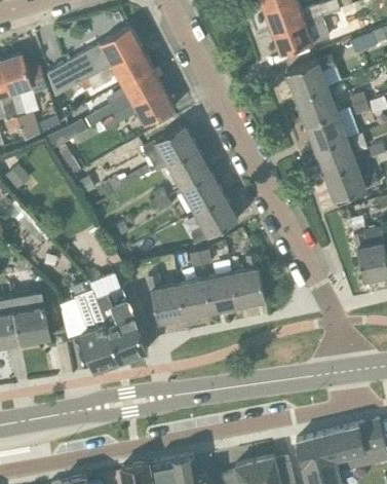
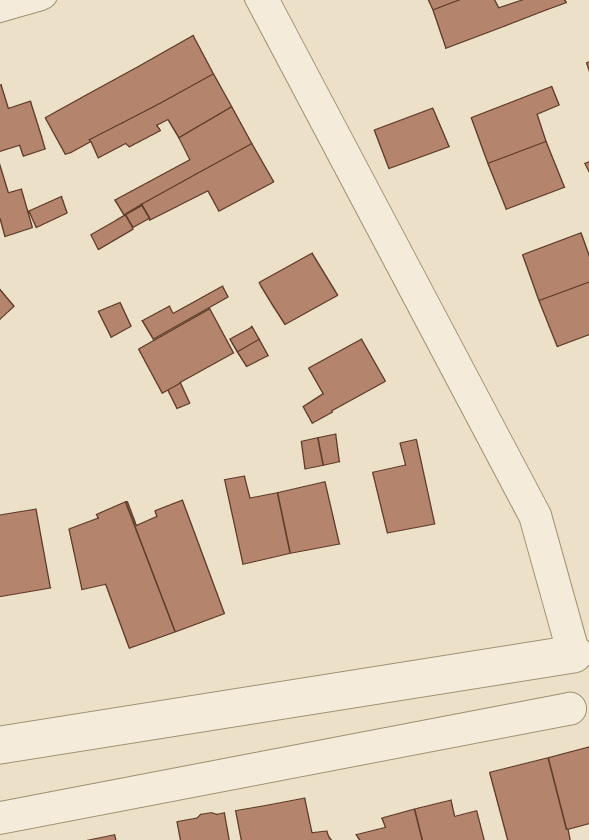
building: [271,22,313,55] -> [374,108,449,169]
building: [305,112,347,150] -> none
building: [143,124,196,172] -> [139,309,234,393]
building: [181,173,224,214] -> none
building: [203,272,238,312] -> none

